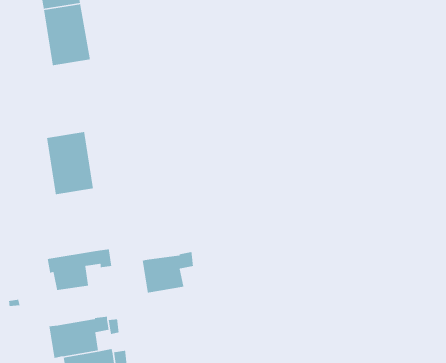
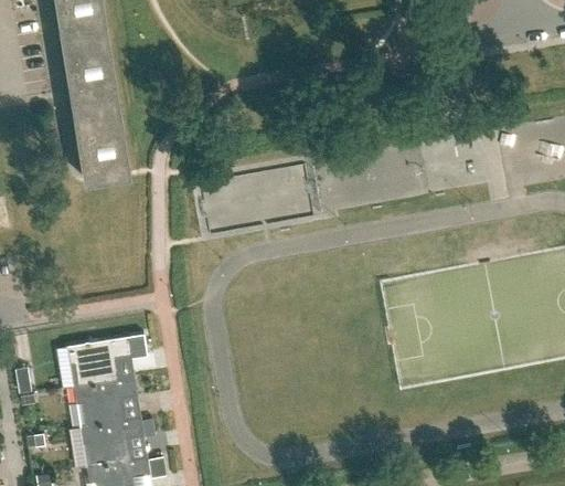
building: [46,131,94,195] -> [73,102,131,180]
building: [142,251,194,293] -> [73,376,137,427]

